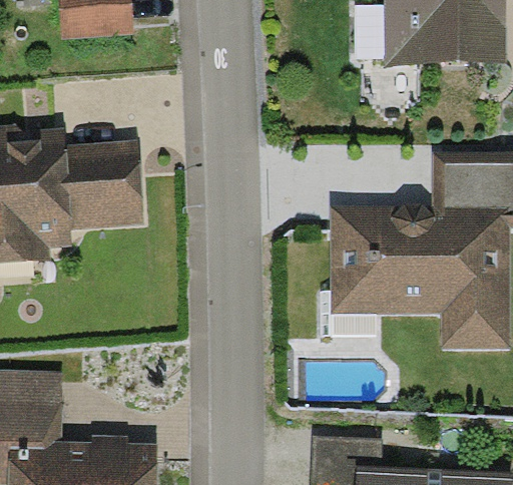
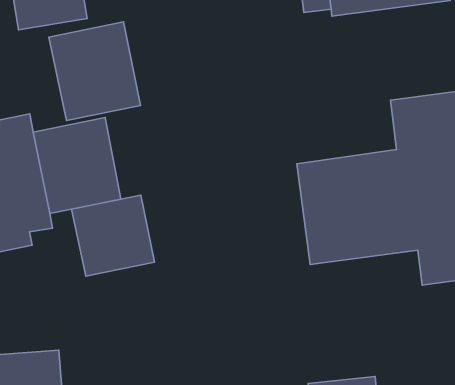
building: none -> [49,22,141,121]
building: none -> [71,195,154,276]

